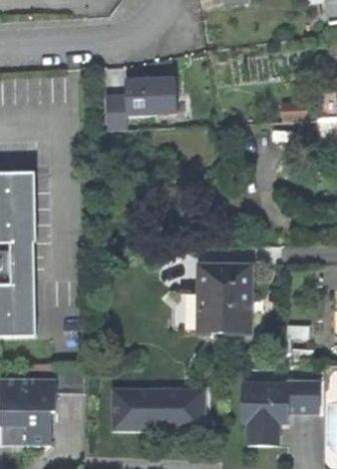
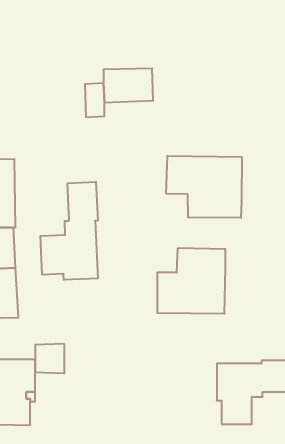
building: none -> [166,156,242,218]
building: none -> [40,182,98,280]
building: [112,389,204,428] -> none

